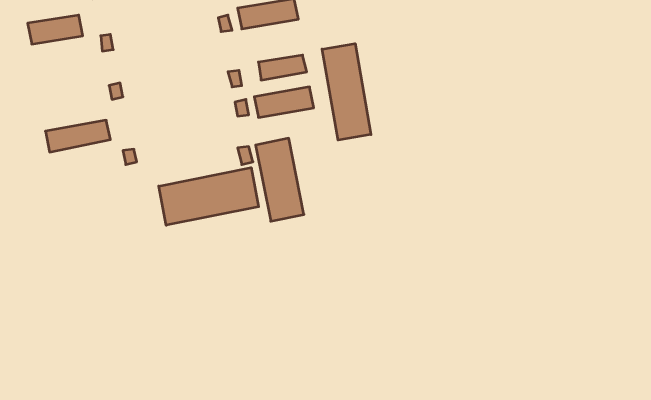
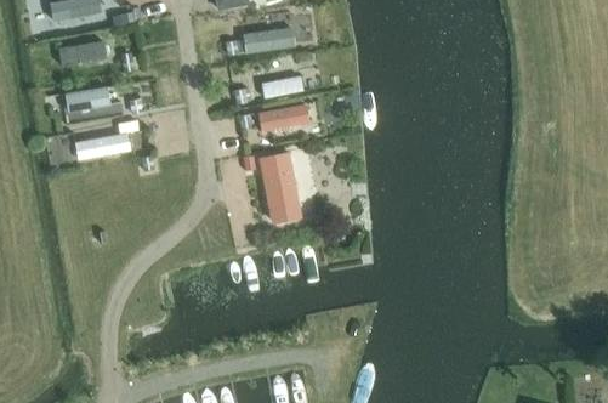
building: [322,44,371,140] -> none
building: none -> [64,86,110,113]
building: [159,168,259,225] -> none

